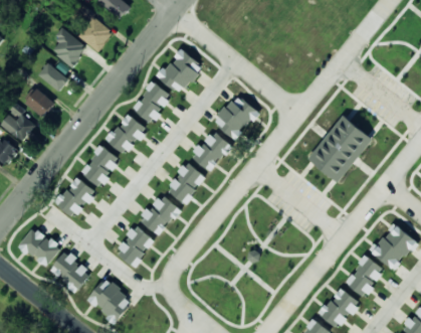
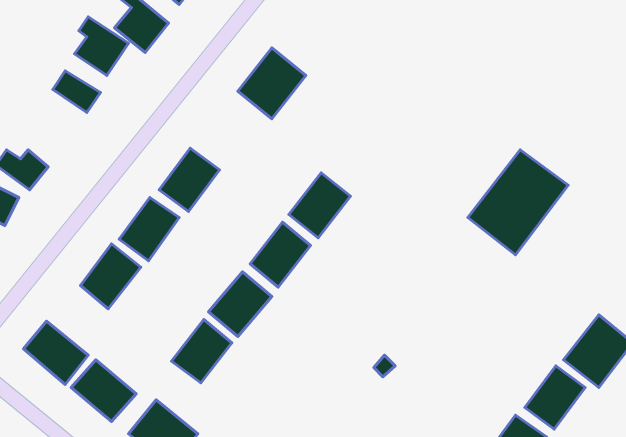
building: [132,81,171,124] -> none
building: [22,88,54,118] -> none
building: [213,95,257,140] -> none

